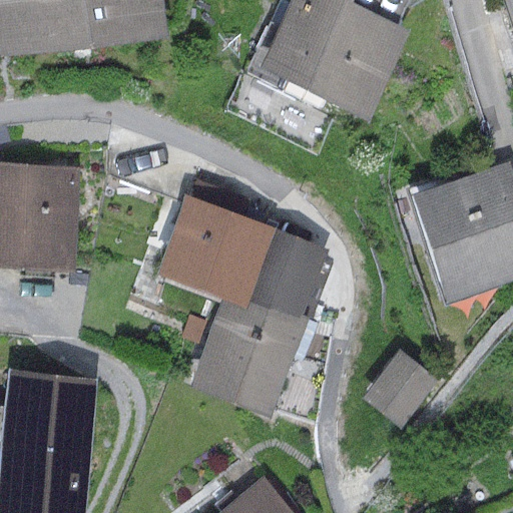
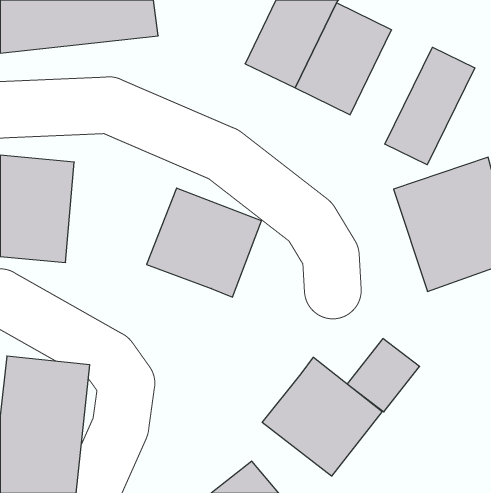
building: none -> [385,47,475,165]
building: [188,229,328,417] -> none
building: none -> [262,357,382,476]

